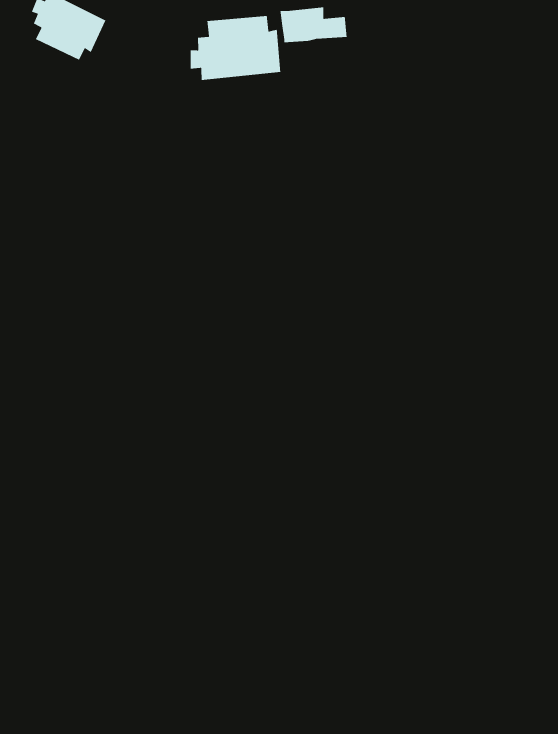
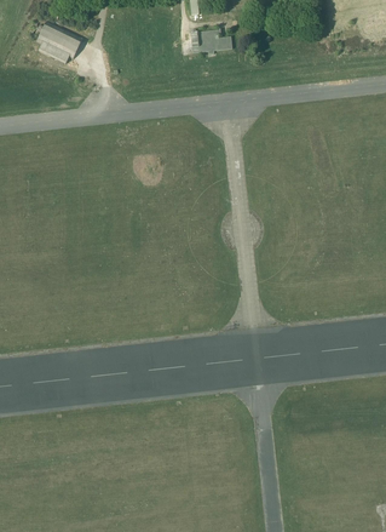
building: [190,15,281,81] -> none

